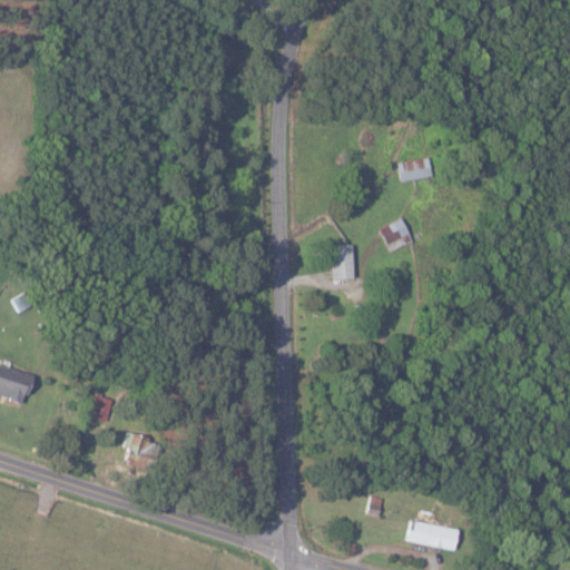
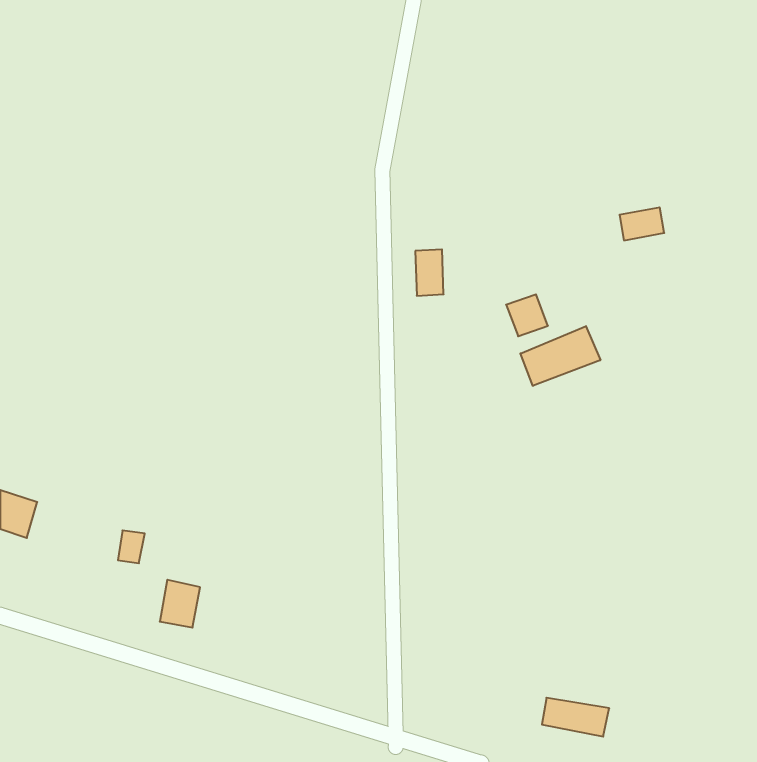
building: [400,158,433,183] -> [619,207,664,240]
building: none -> [520,326,600,386]
building: [333,246,354,281] -> [415,249,444,296]

